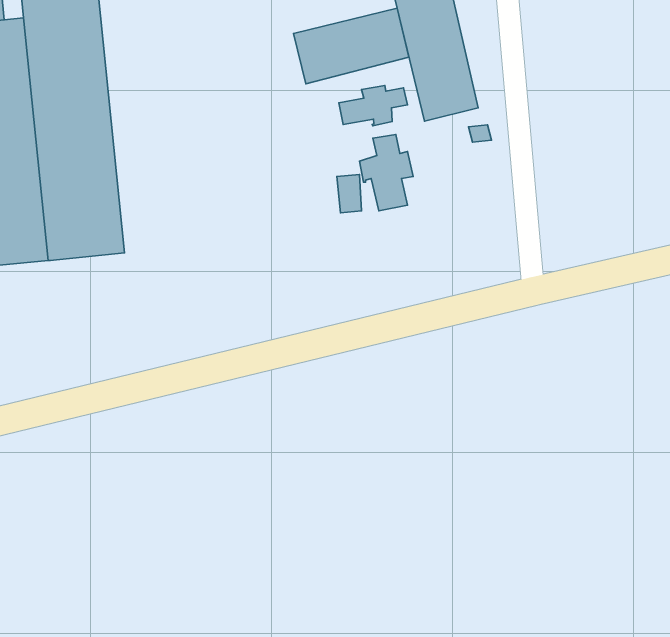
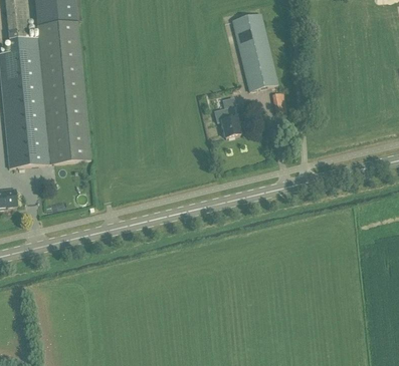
building: [293,8,409,84] -> none
building: [339,85,408,126] -> none

